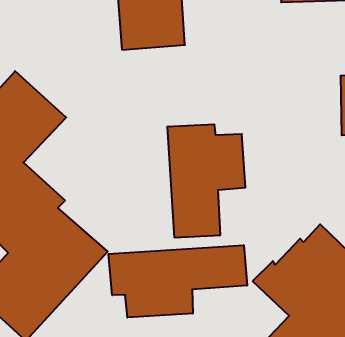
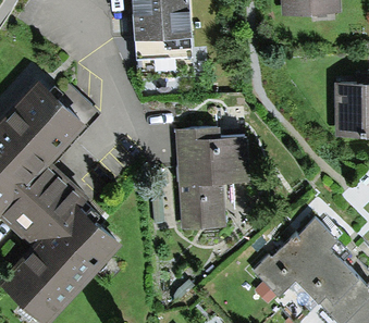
building: [109,245,247,318] -> none

